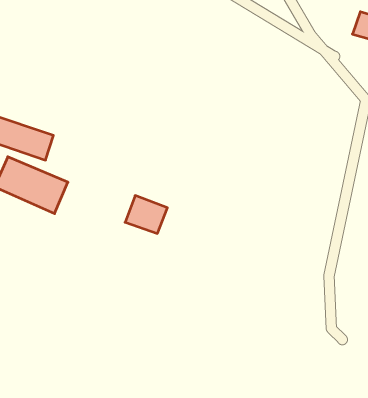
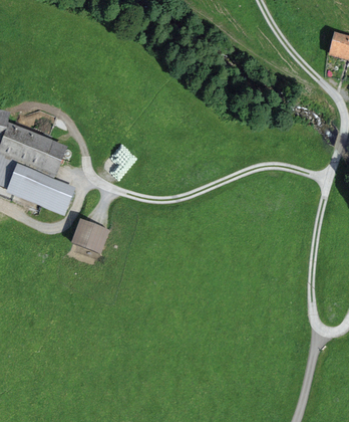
building: [125,196,167,233] -> [69,218,107,252]

